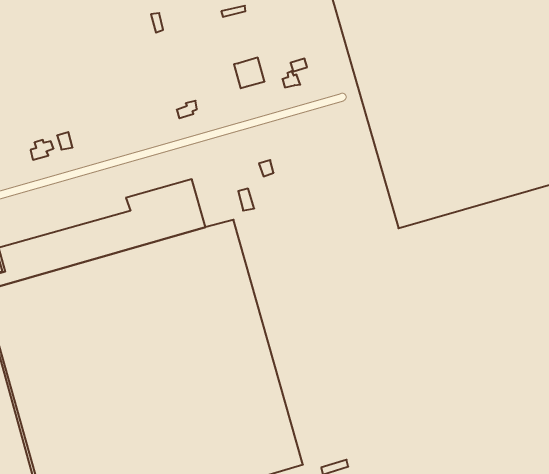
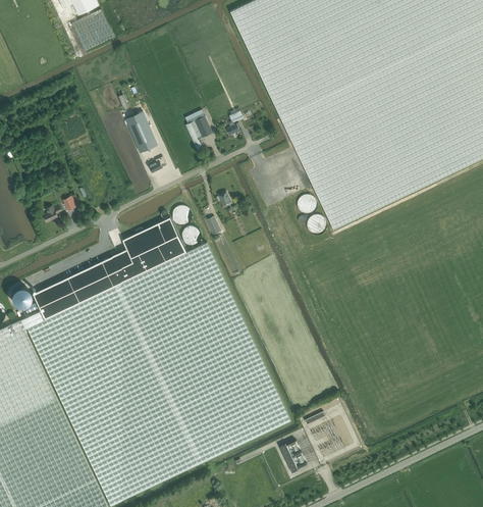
building: none -> [125,110,156,152]

